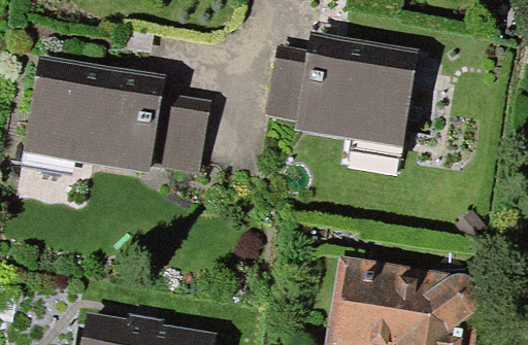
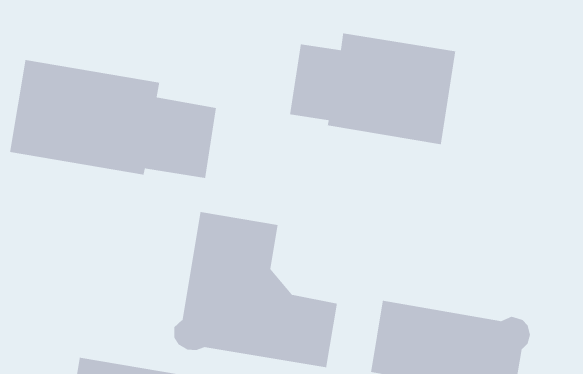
building: none -> [173,211,338,368]

